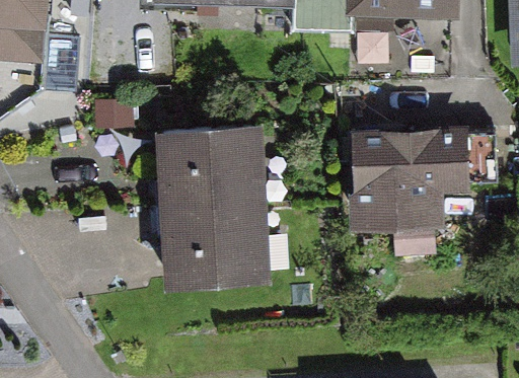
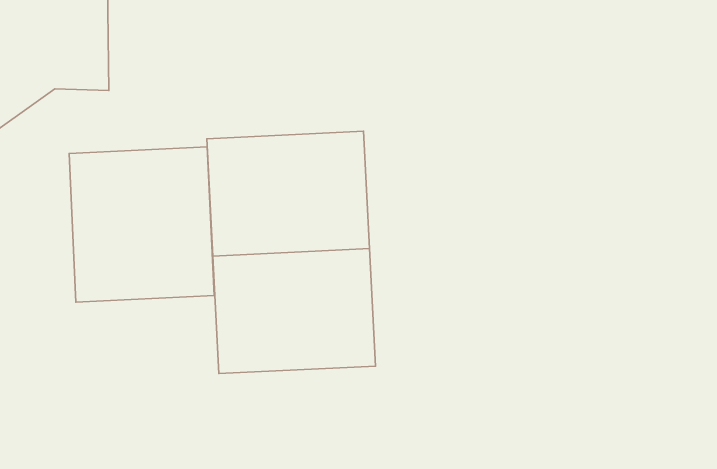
building: none -> [69,147,214,302]
building: [356,134,472,226] -> none

